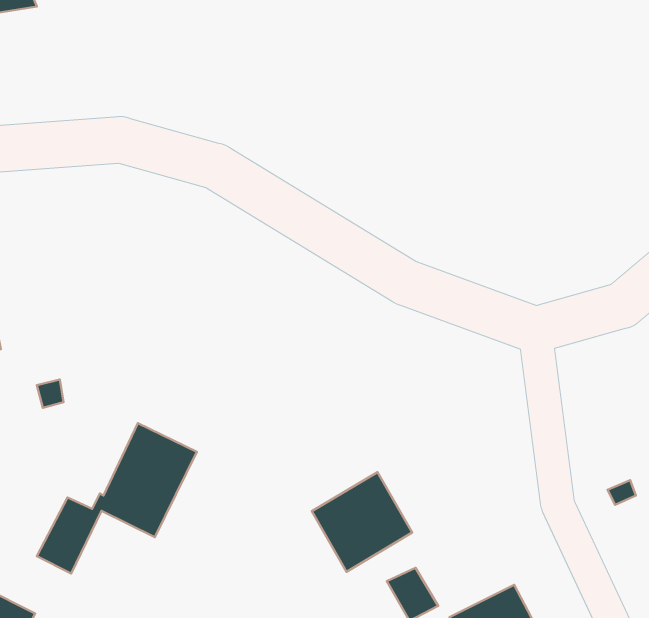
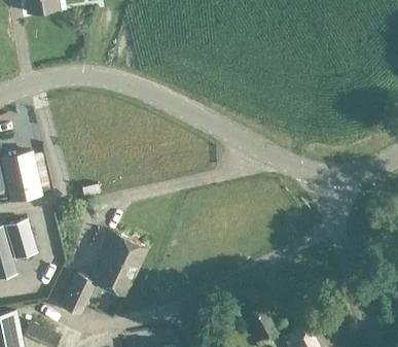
building: [312,472,412,572] -> none

